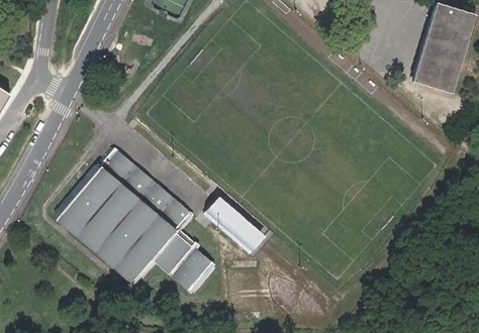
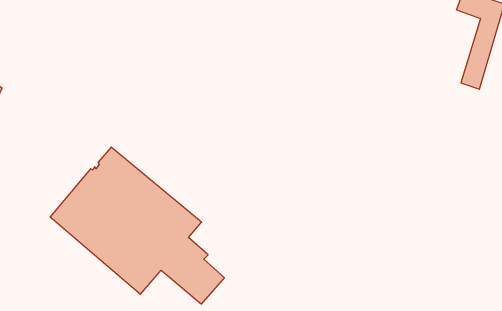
building: [412,20,453,88] -> none
building: [204,200,262,253] -> none

